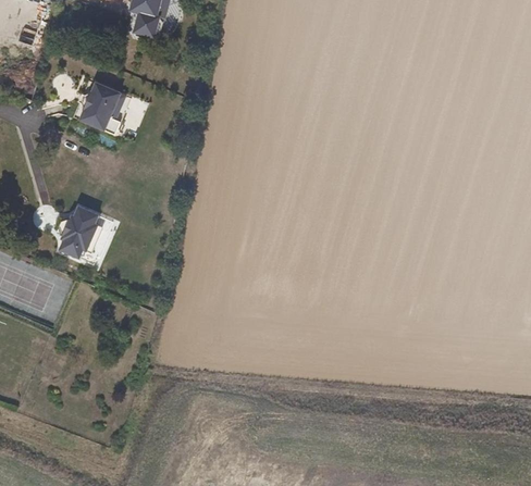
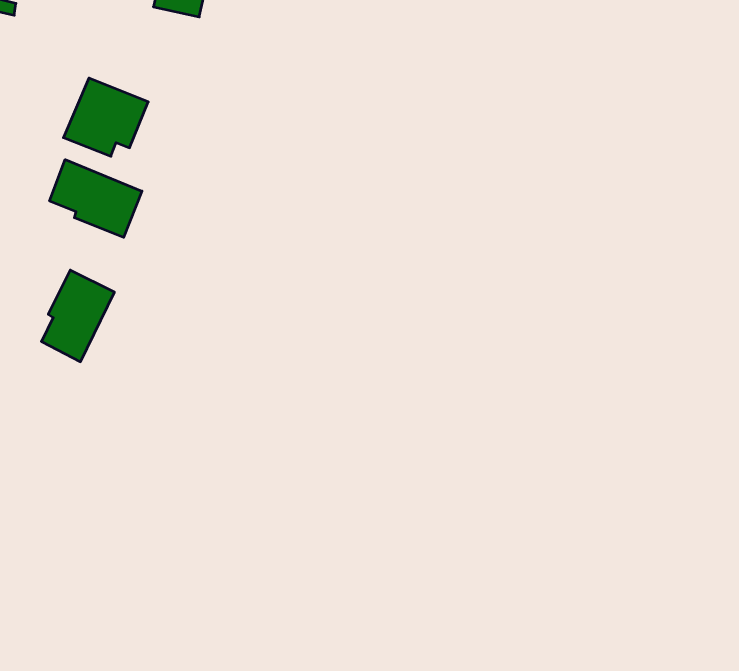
building: none -> [50,160,142,237]

